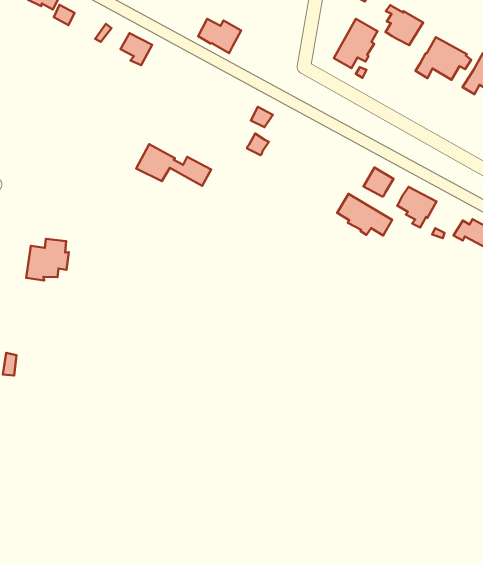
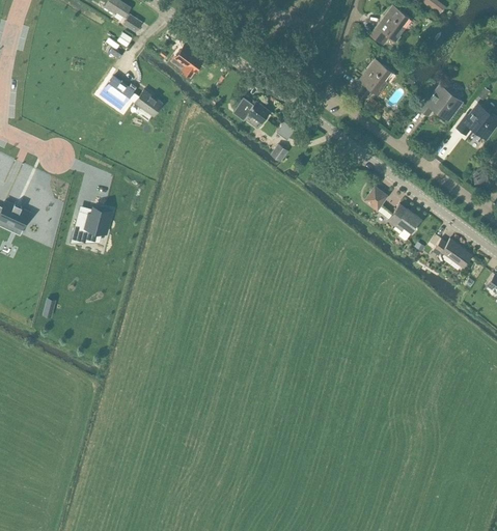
building: [386,5,423,45] -> none
building: [198,19,241,53] -> [234,97,271,129]
building: [136,144,211,186] -> [101,76,163,116]
building: [337,194,392,235] -> none

